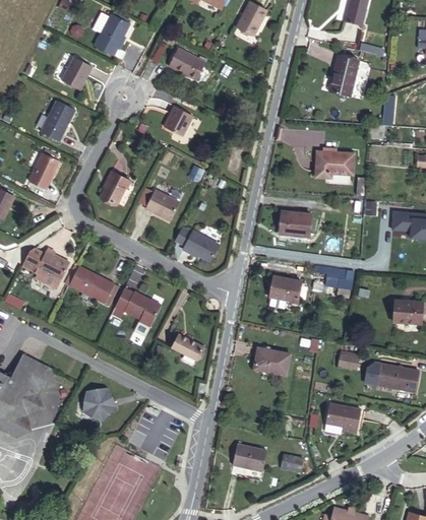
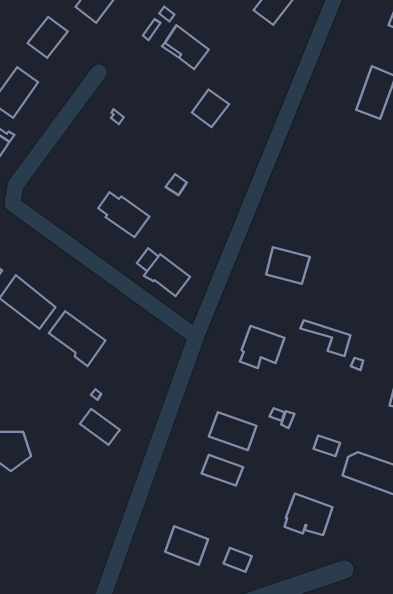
building: [164,106,192,135] -> [192,90,229,127]
building: [314,150,353,184] -> none
building: [100,159,128,203] -> none
building: [171,333,203,360] -> [80,409,120,445]
building: none -> [202,455,243,486]

